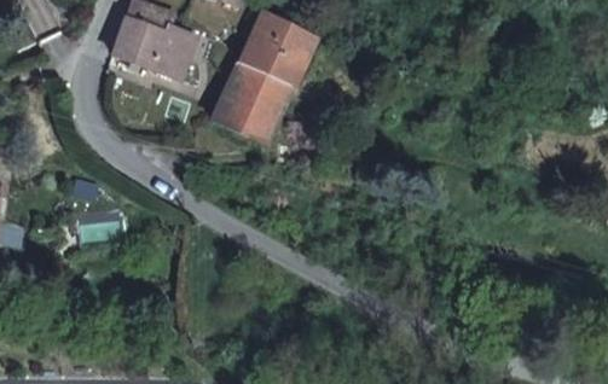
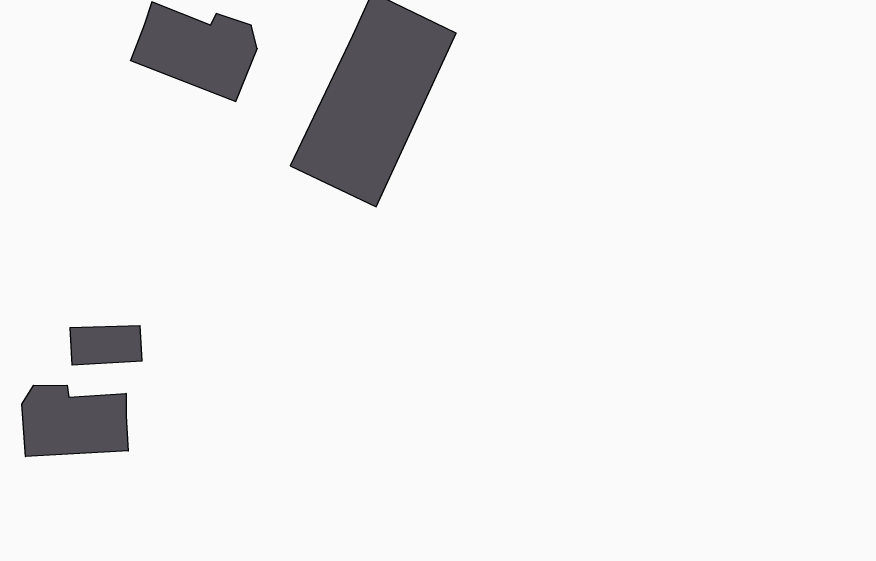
building: none -> [22,385,128,457]

